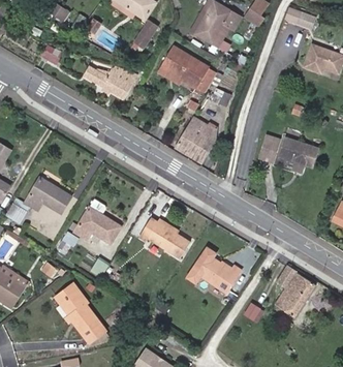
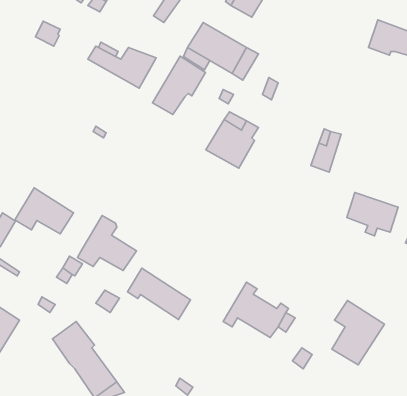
building: none -> [153,56,206,115]
building: [279,137,319,172] -> [347,193,398,236]
building: [138,217,188,257] -> [127,268,190,319]

